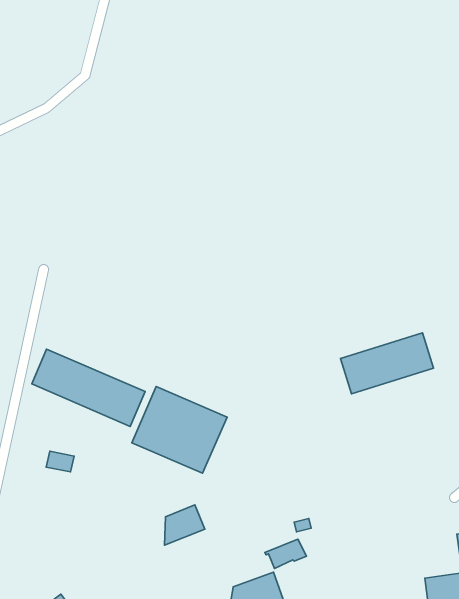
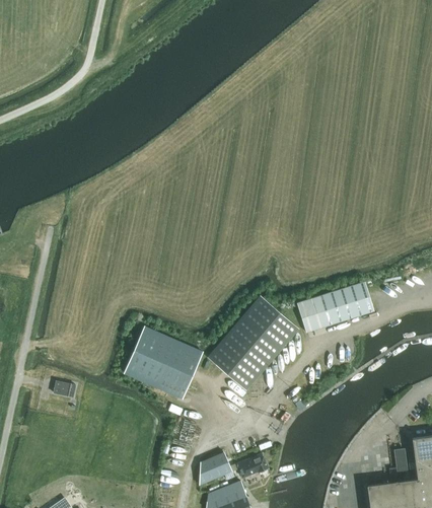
building: none -> [208,295,299,390]
building: [32,349,145,426] -> none
building: [164,505,205,545] -> [199,451,232,485]

